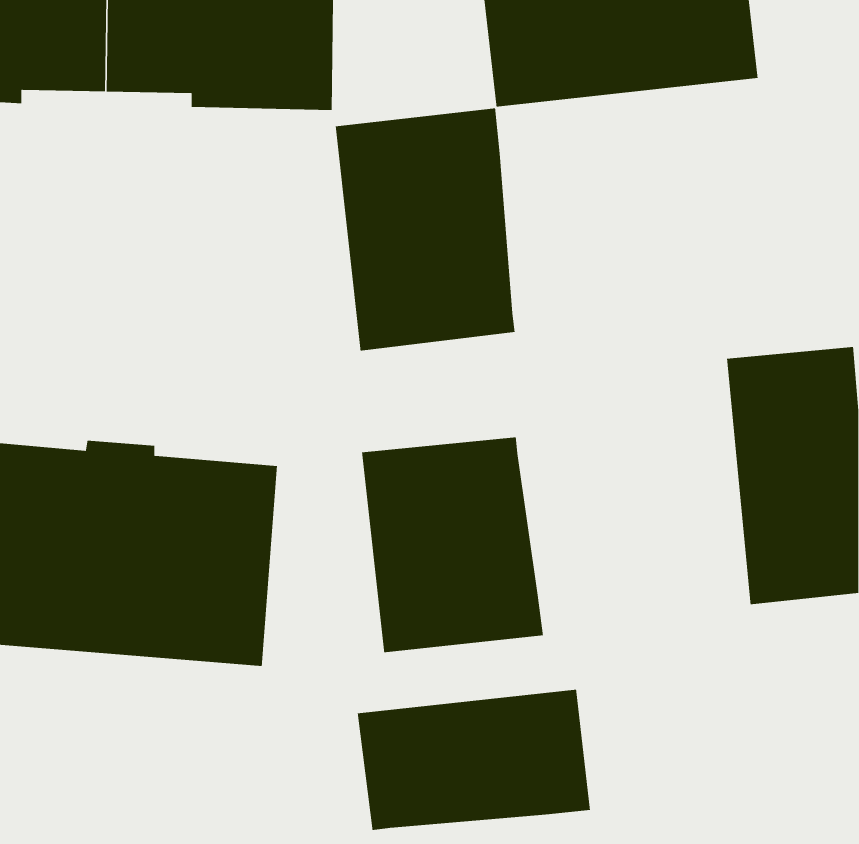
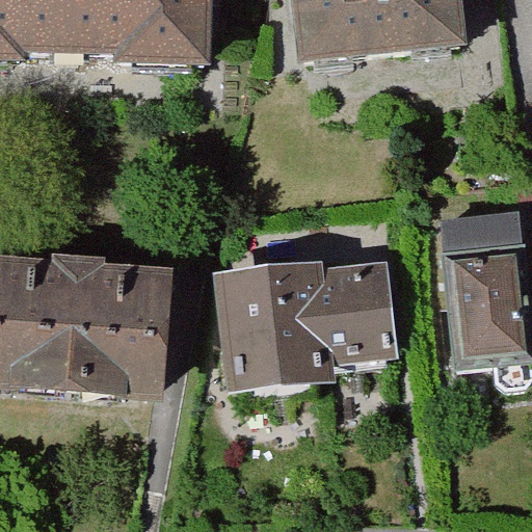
building: [335,107,515,351] -> none
building: none -> [316,269,396,363]
building: [357,689,591,831] -> none

